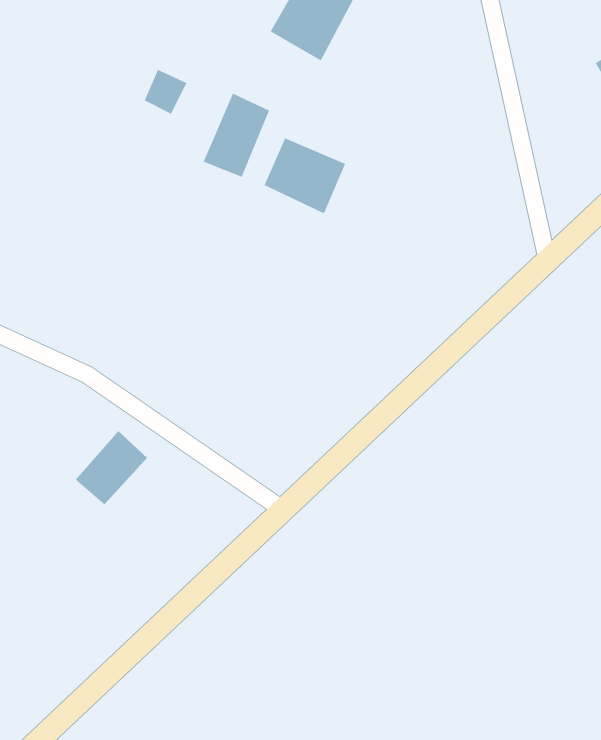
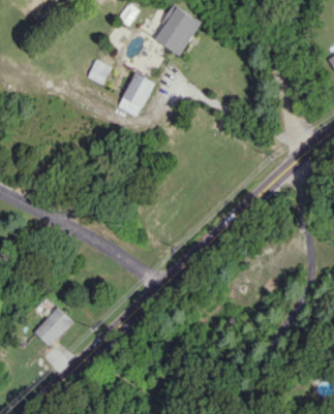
building: [264,138,346,214] -> none
building: [75,430,148,505] -> [33,307,71,346]

